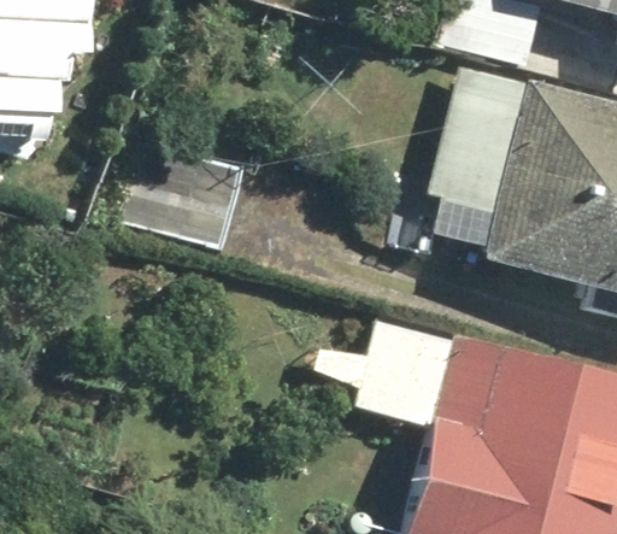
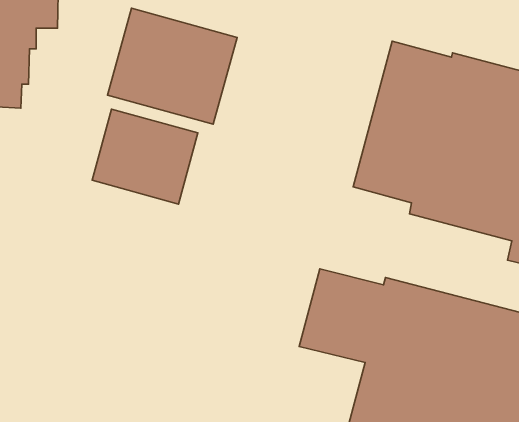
building: none -> [107,8,237,124]

